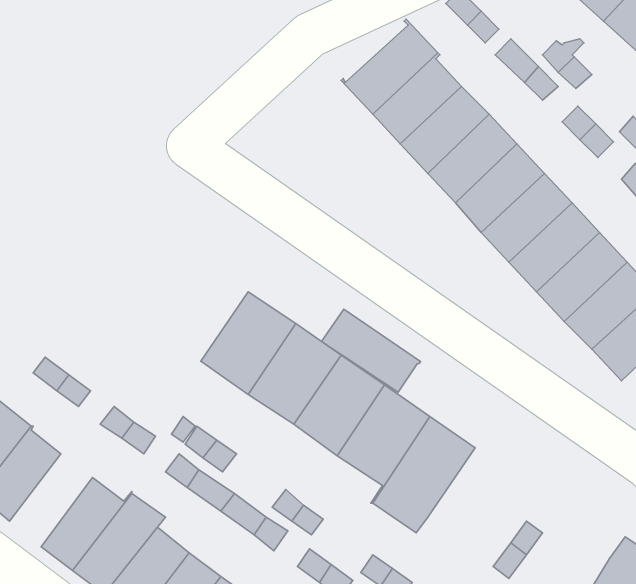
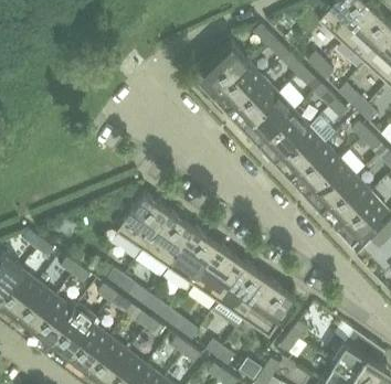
building: [322,309,421,392] -> none
building: none -> [244,279,297,335]
building: none -> [10,282,56,334]

